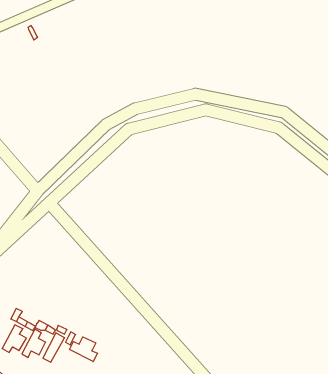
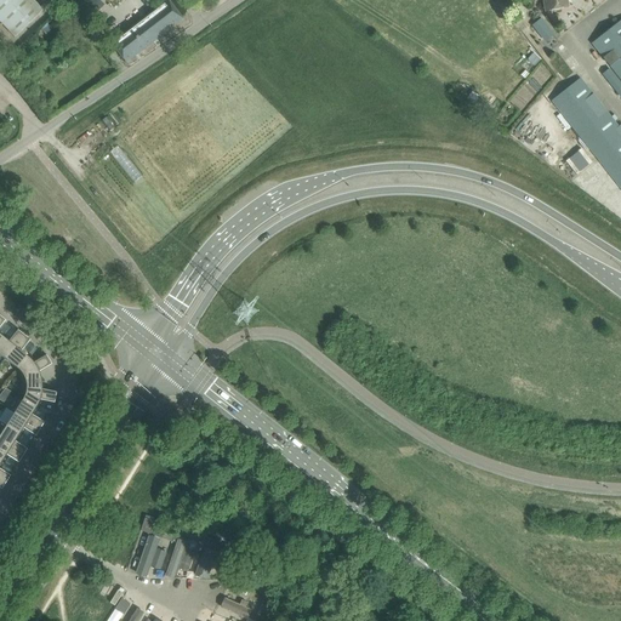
building: [69,337,98,362] -> none

